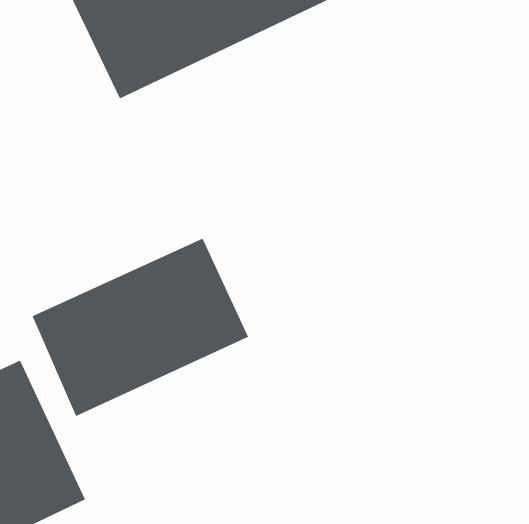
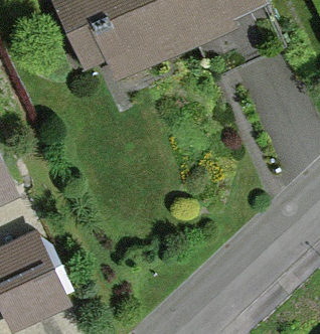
building: [32,238,249,417] -> none

